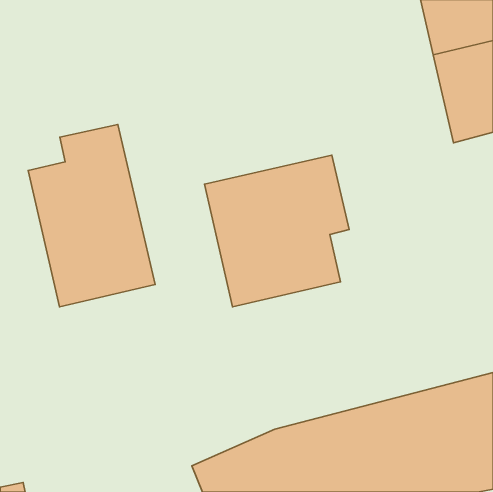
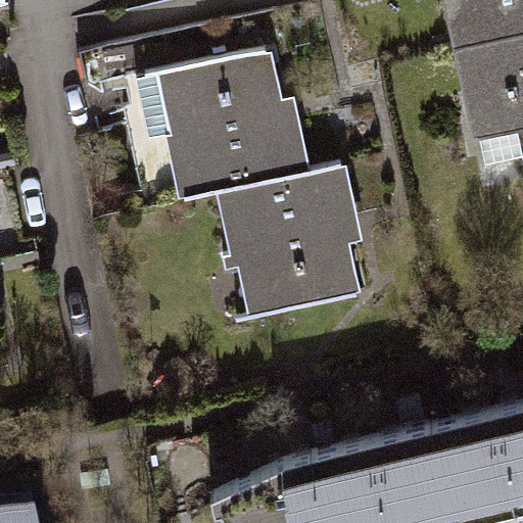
building: none -> [151,54,312,204]
building: [28,124,155,307] -> none

